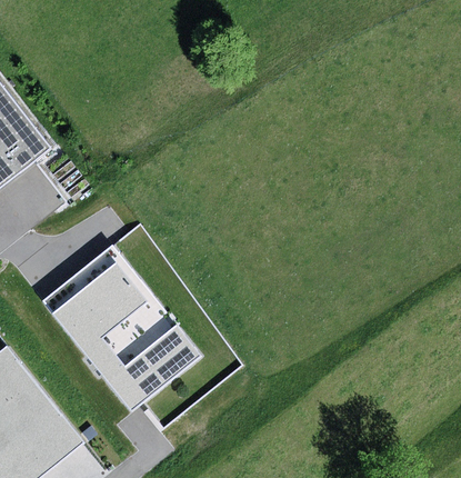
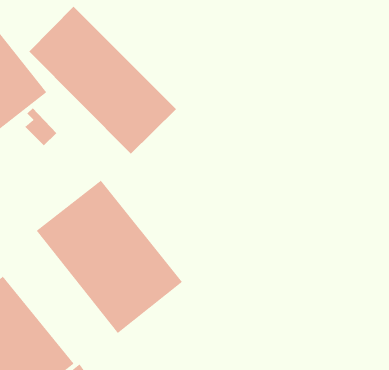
building: none -> [29,6,177,155]

